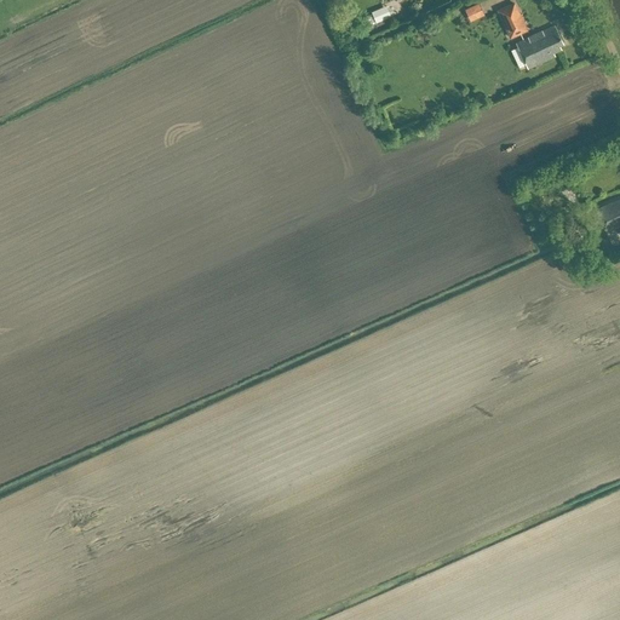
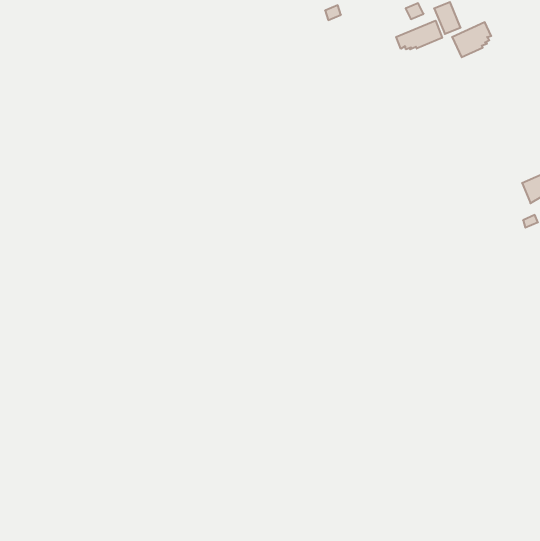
building: none -> [396,21,442,49]

